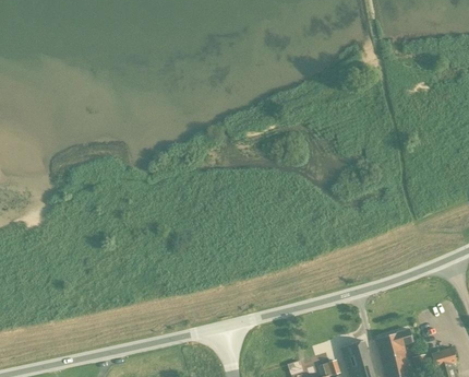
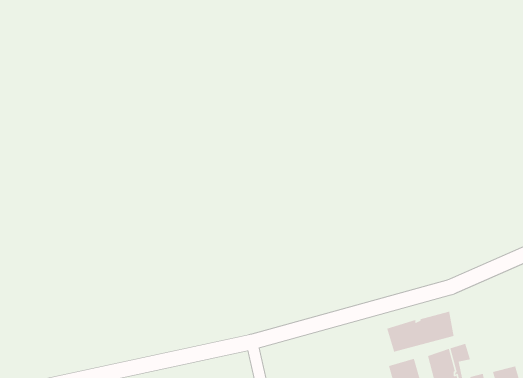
building: none -> [386,311,454,352]

